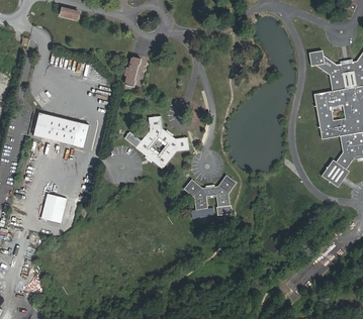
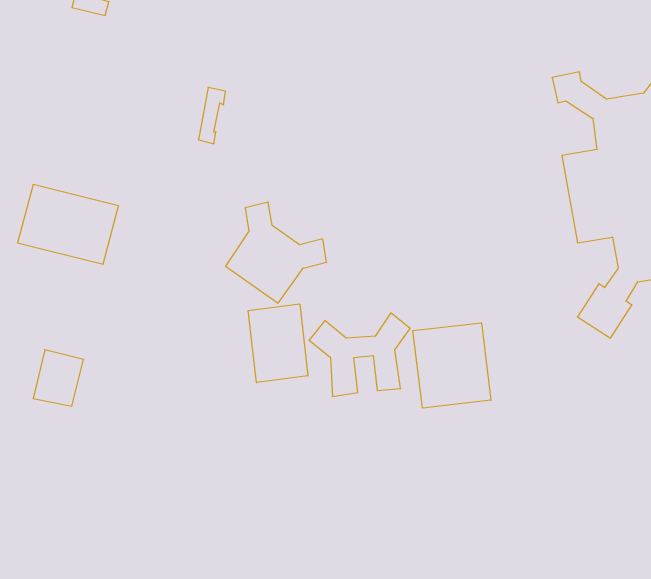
building: none -> [248,304,308,383]
building: none -> [413,323,491,408]

